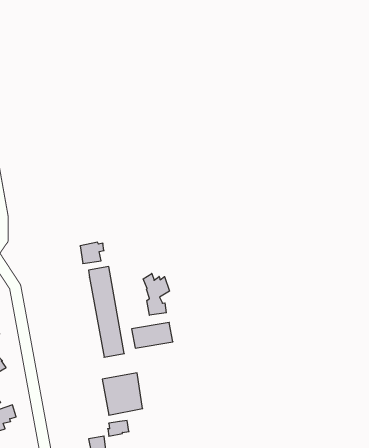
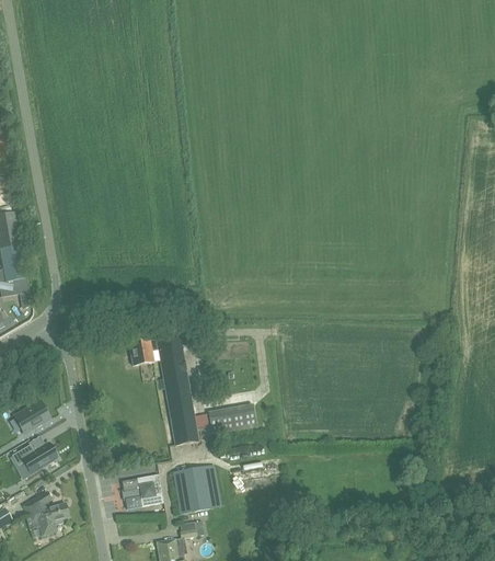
building: [80,242,104,263] -> [128,340,157,365]
building: [143,273,170,315] -> none
building: none -> [120,474,162,508]

